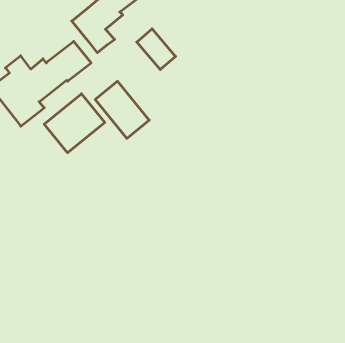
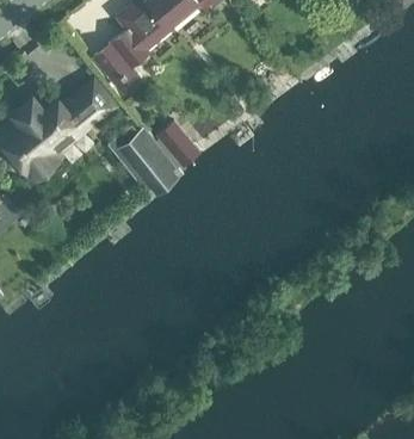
building: [137,29,176,70] -> [155,120,200,168]
building: [44,94,105,153] -> none

